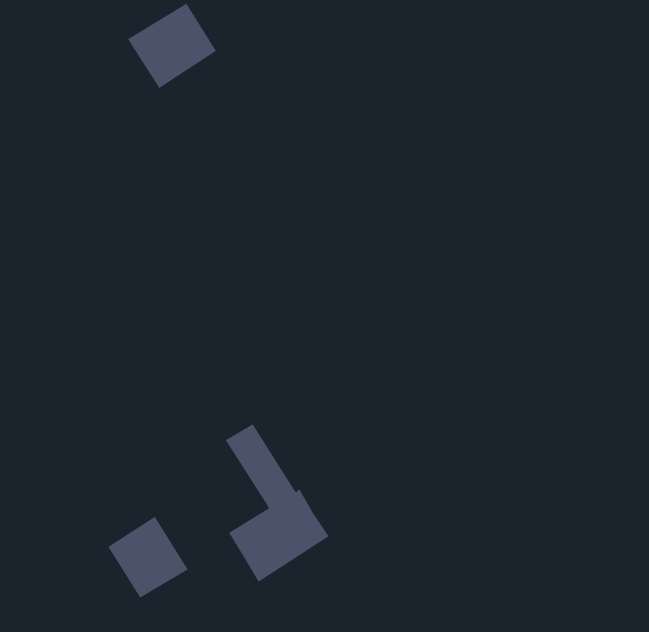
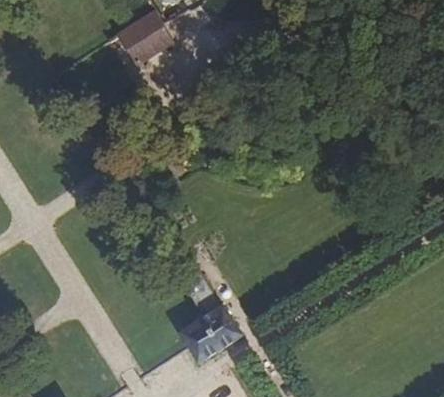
building: [108,516,189,598] -> none

